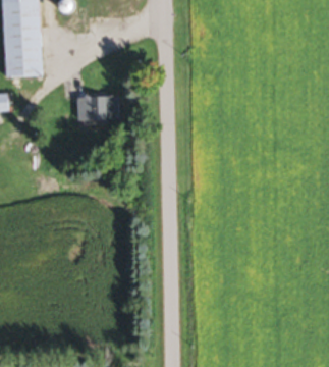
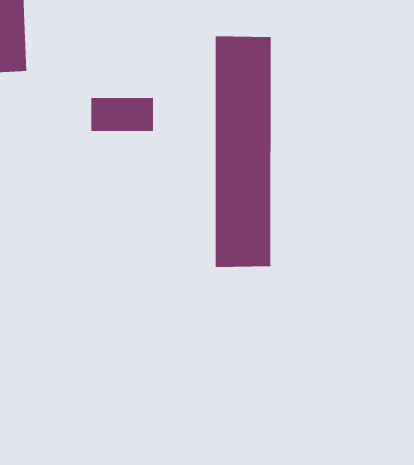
building: none -> [215,36,271,268]

